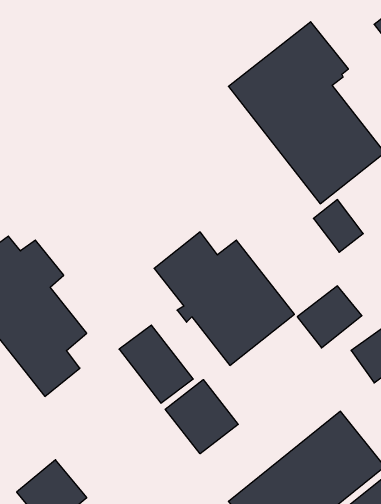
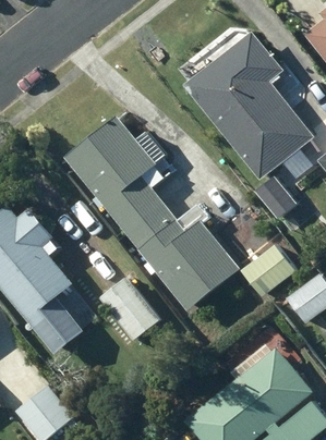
building: none -> [64,115,162,232]
building: [165,380,238,454] -> none

